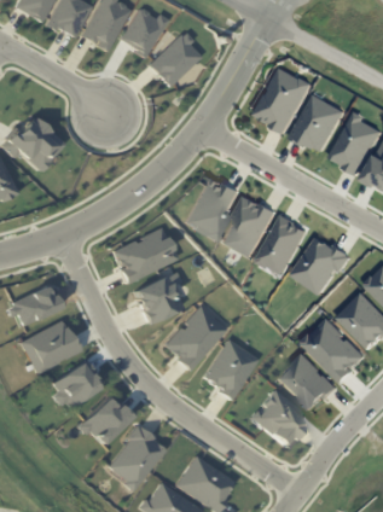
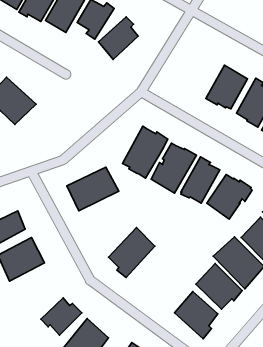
building: [255,68,313,134] -> none
building: [130,270,182,324] -> none
building: [202,338,259,401] -> none
building: [51,359,101,409] -> none

